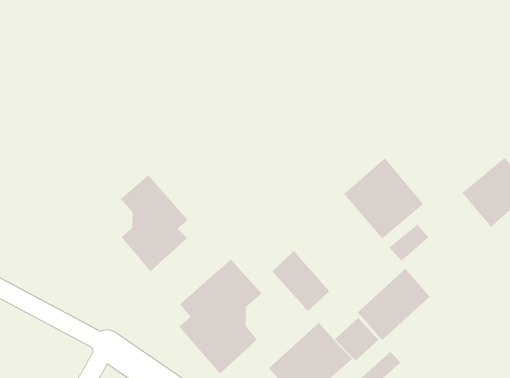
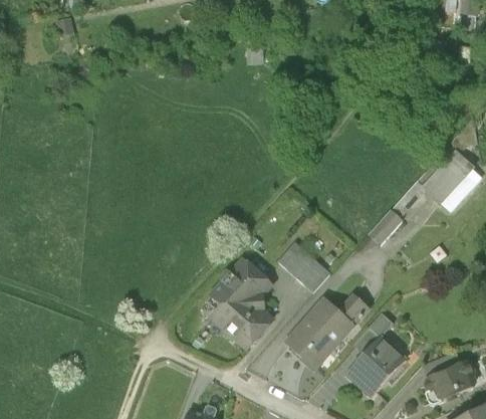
building: [343,157,424,240] -> none
building: [120,174,188,272] -> none
building: [357,268,431,341] -> none

